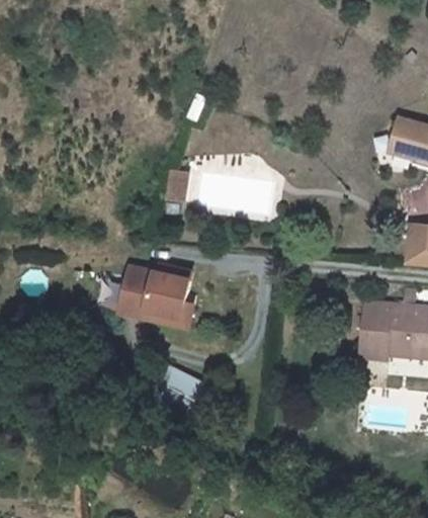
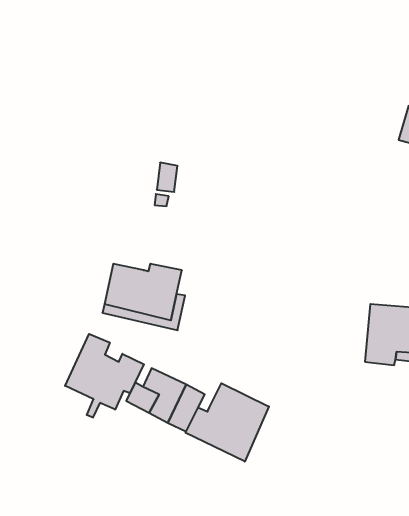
building: none -> [65,334,144,418]
building: none -> [186,383,269,462]

